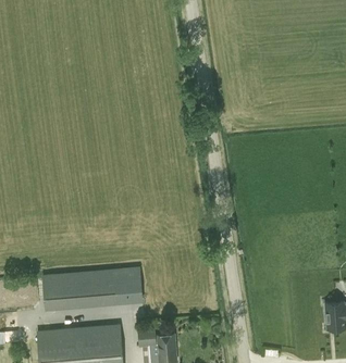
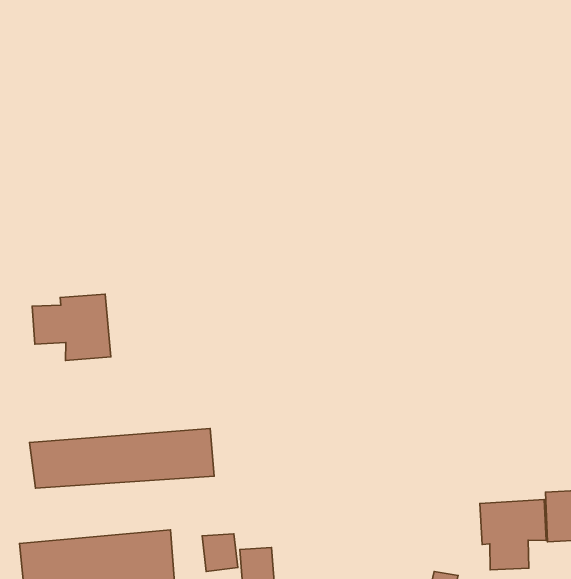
building: none -> [32,294,111,360]
building: none -> [480,499,546,570]

